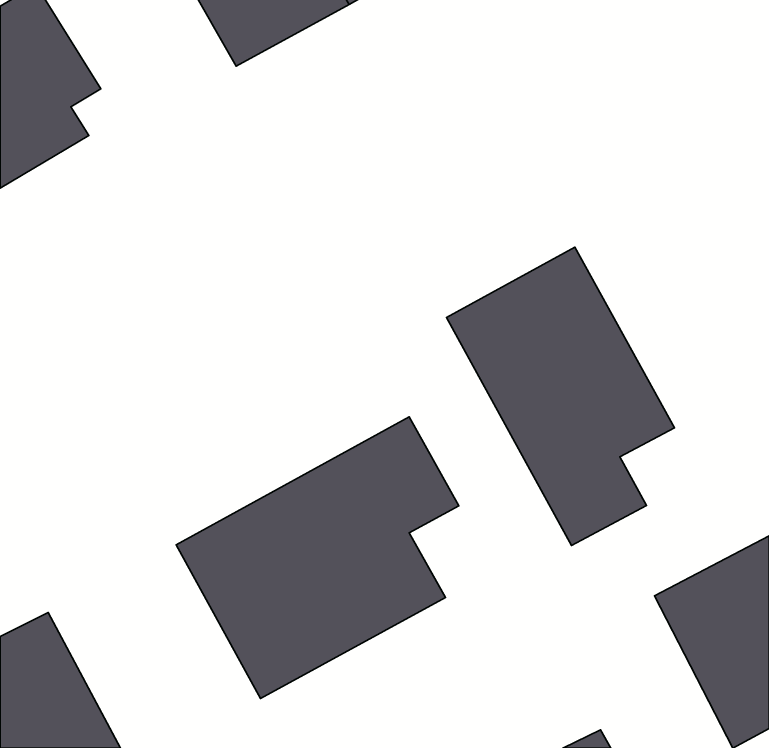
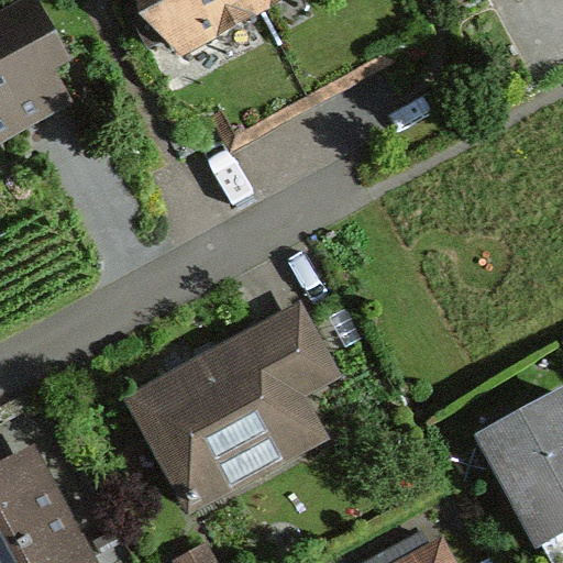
building: [446,247,674,546] -> none

